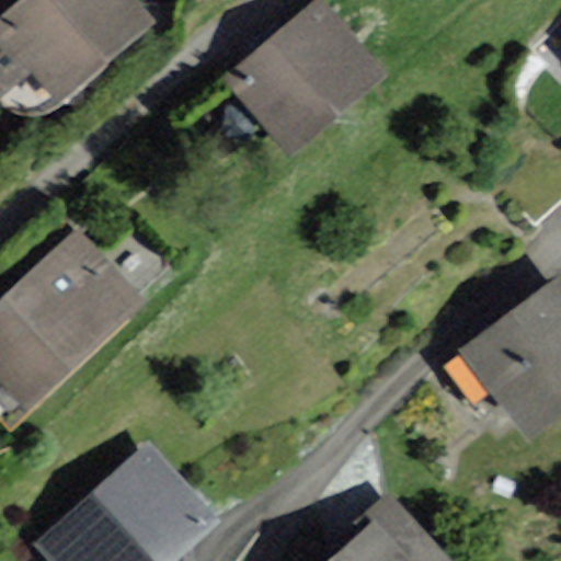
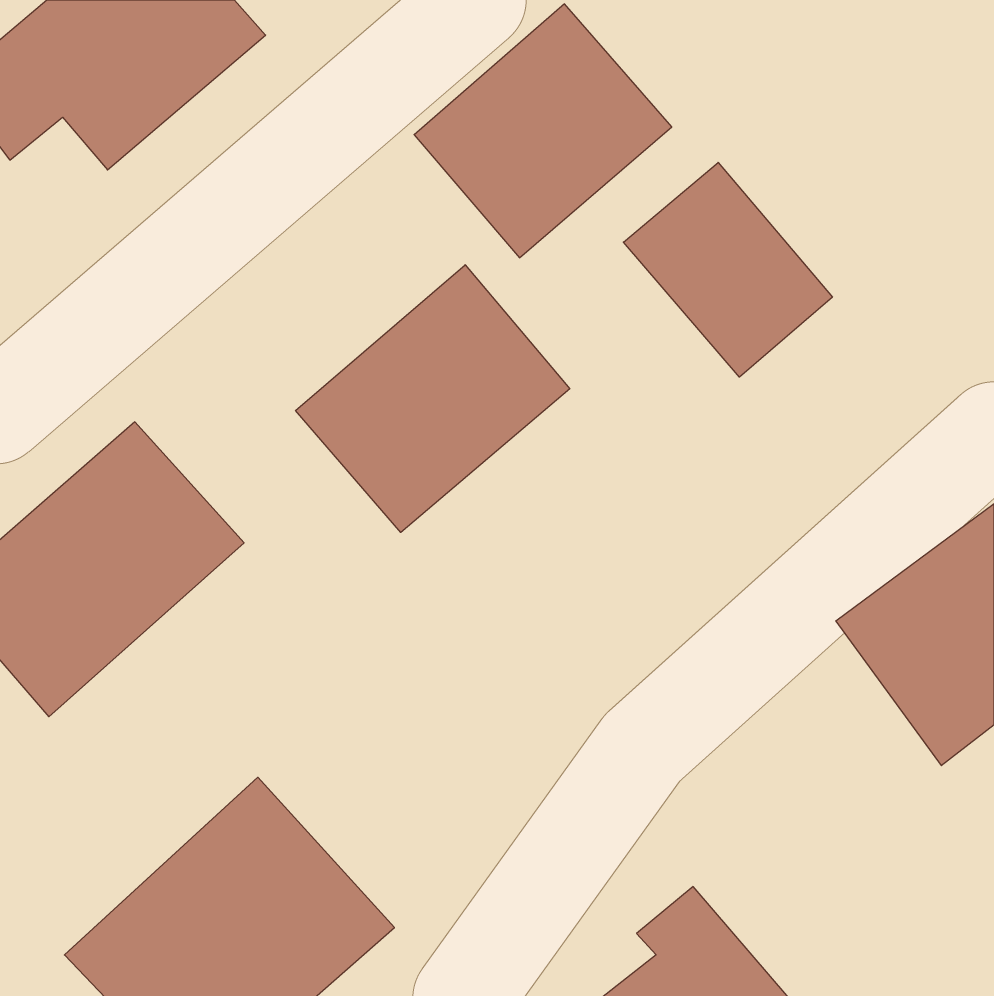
building: none -> [623,162,832,377]
building: none -> [296,265,570,532]

